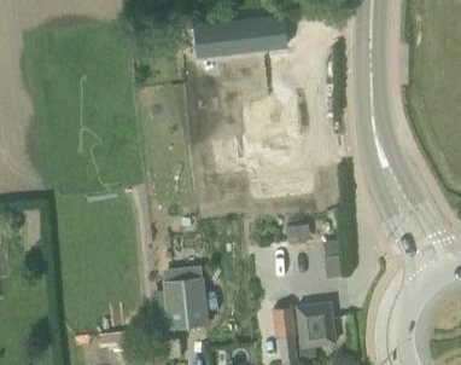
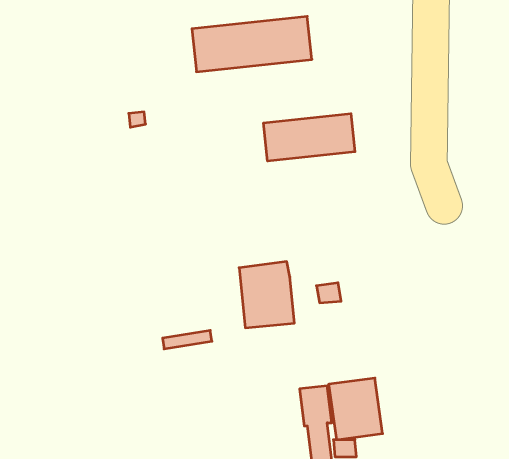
building: none -> [264,114,355,161]
building: [164,276,208,328] -> [239,262,294,328]

